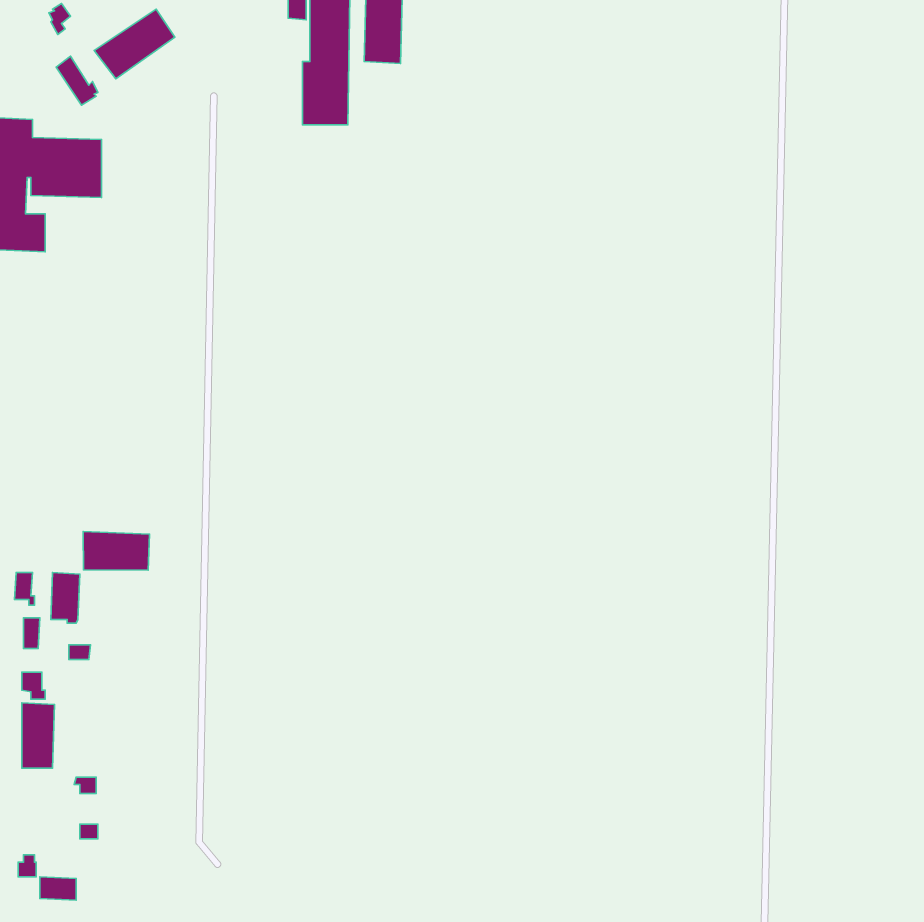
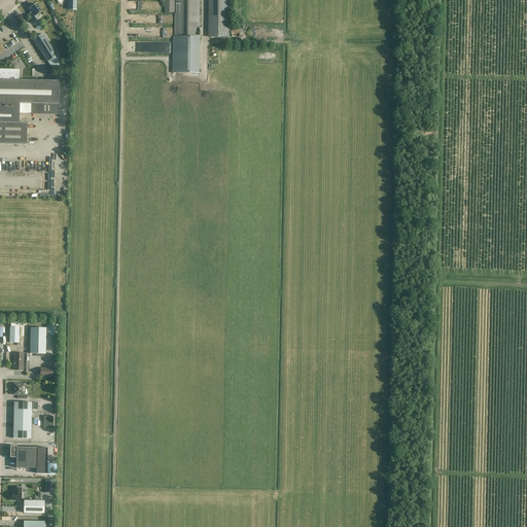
building: [94,9,175,79] -> none
building: [83,531,150,570] -> none
building: none -> [14,445,36,466]

